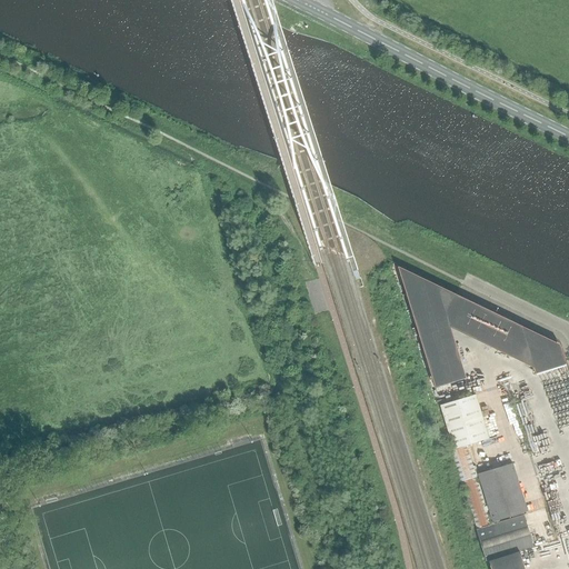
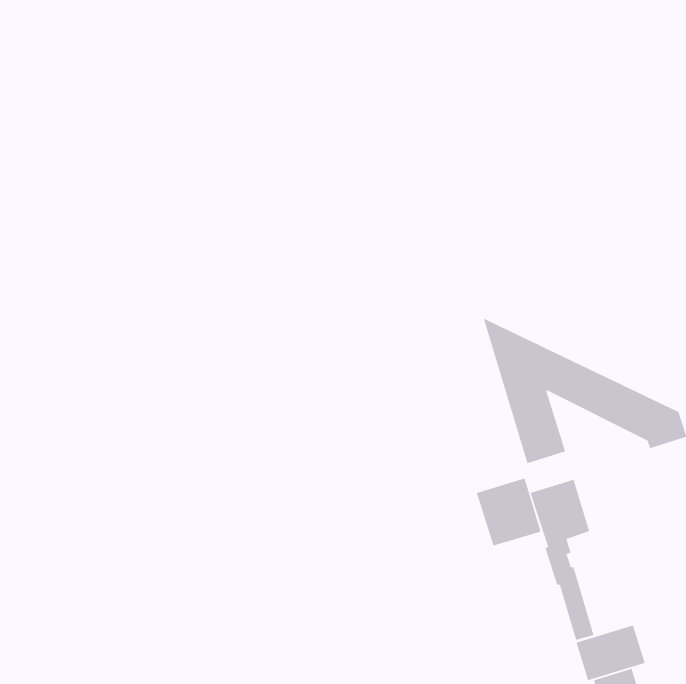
building: none -> [476,477,541,547]
building: [478,468,527,527] -> none

